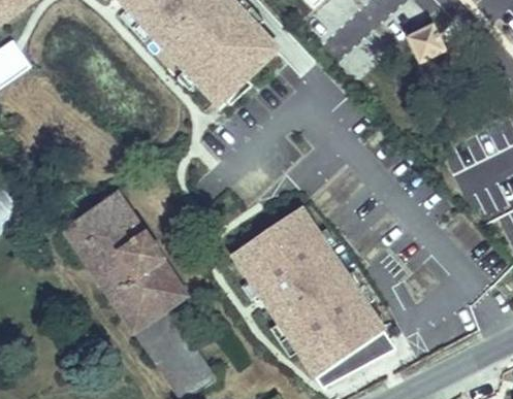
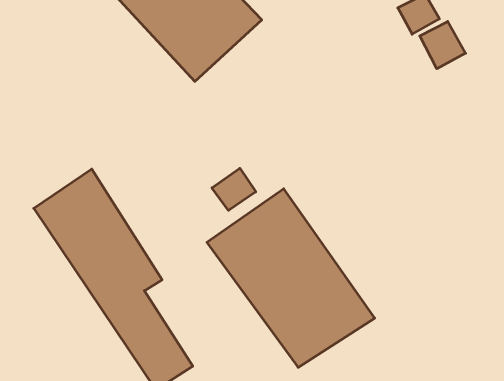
building: none -> [420,21,466,69]
building: none -> [212,168,256,210]

